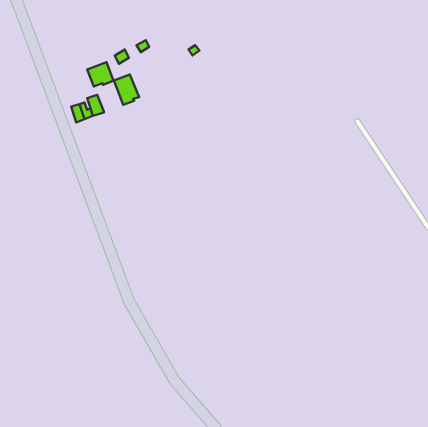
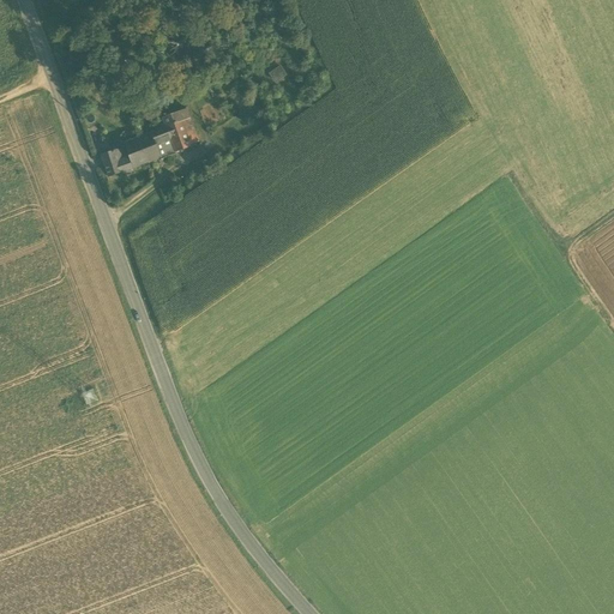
building: [87,62,114,86] -> [139,125,177,159]

